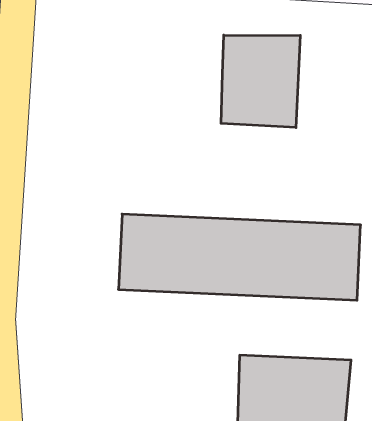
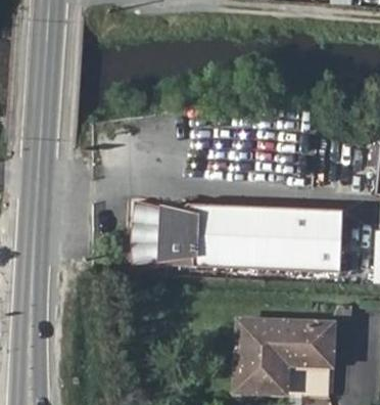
building: [221,35,300,128] -> none

